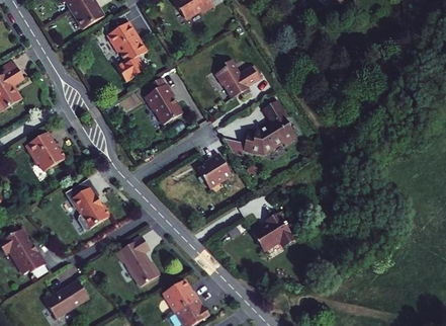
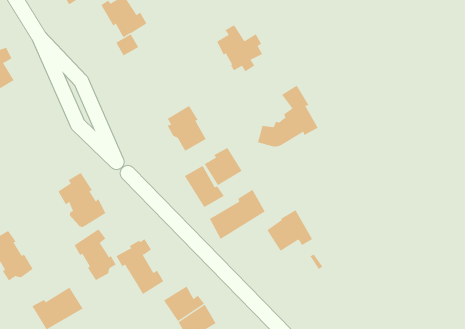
building: [144,82,179,124] -> [167,105,207,152]
building: [25,128,63,176] -> none
building: none -> [184,165,224,208]
building: none -> [209,189,265,240]
building: none -> [74,228,117,281]

